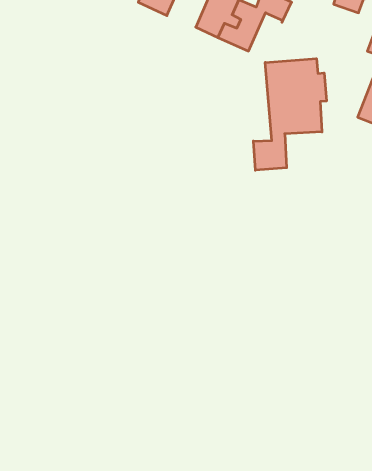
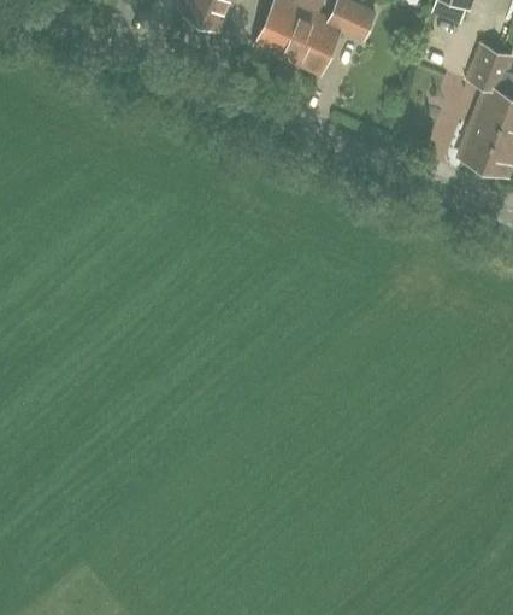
building: [253,59,326,170] -> none

